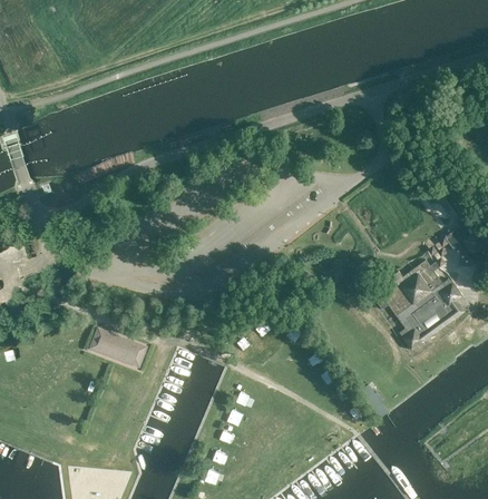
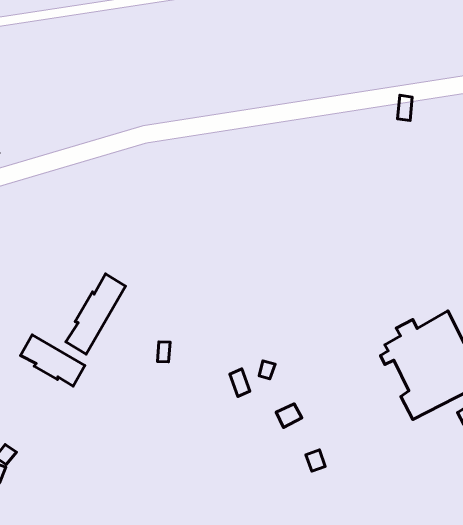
building: none -> [66,274,126,354]

